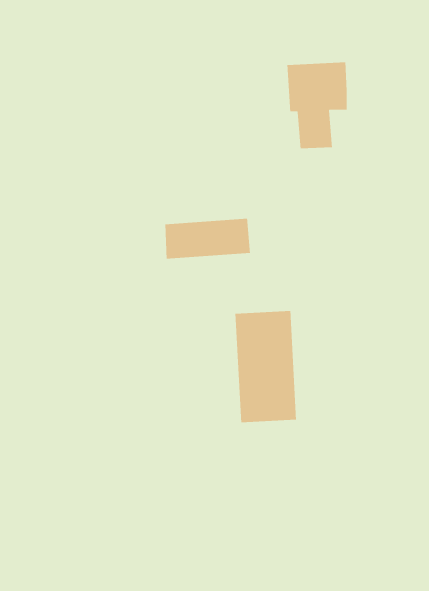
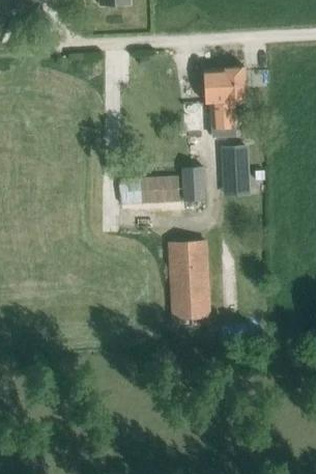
building: none -> [223,146,249,182]
building: none -> [183,166,206,201]

